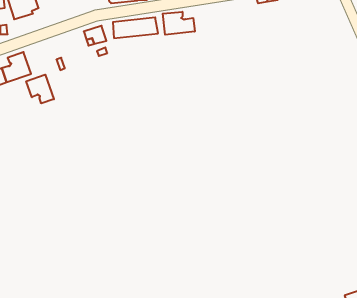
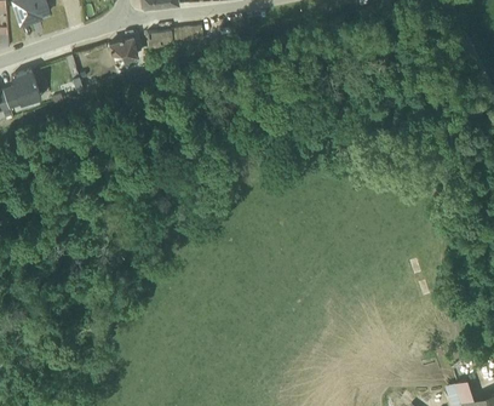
building: [163,12,195,35] -> none
building: [26,75,54,103] -> none

